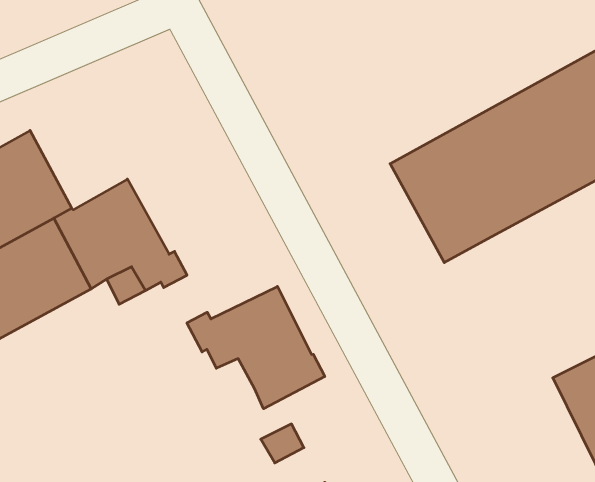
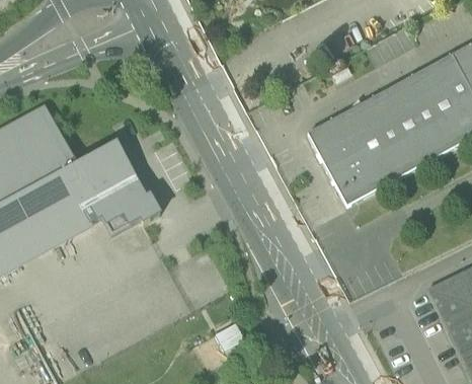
building: [187,286,325,409] -> none

